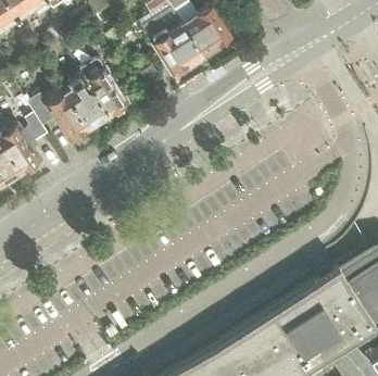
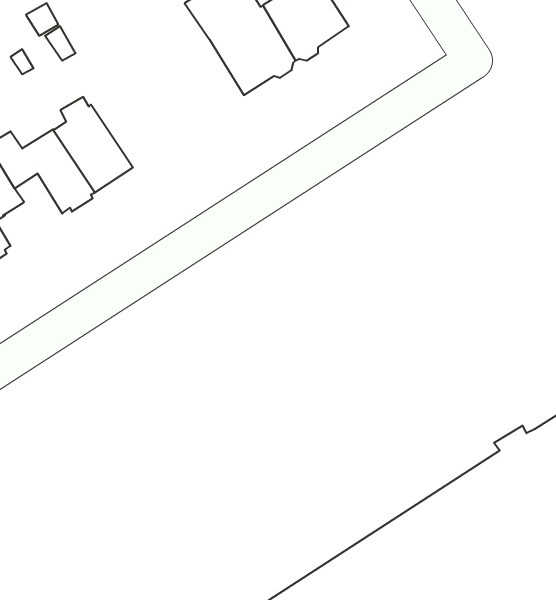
building: [79,58,128,115] -> none

